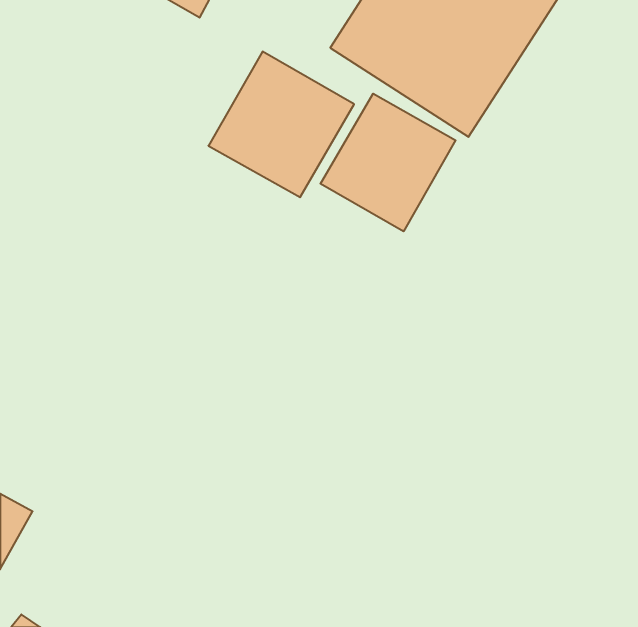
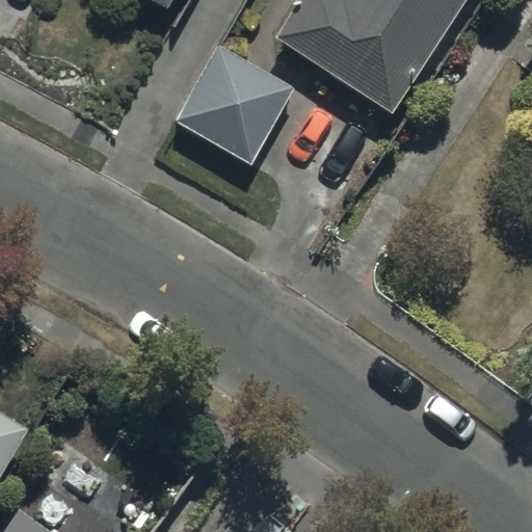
building: [320,94,456,231] -> none

